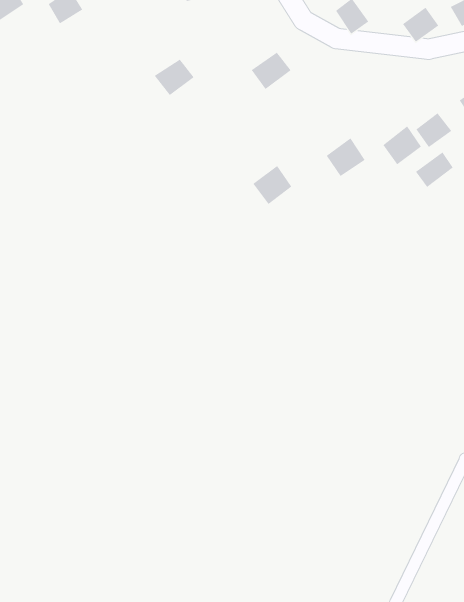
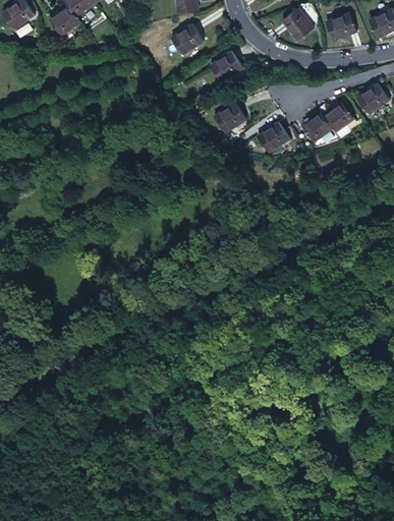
building: [154,59,195,96] -> [170,30,202,58]
building: [415,152,453,188] -> none
building: [252,165,292,205] -> [219,98,249,128]

